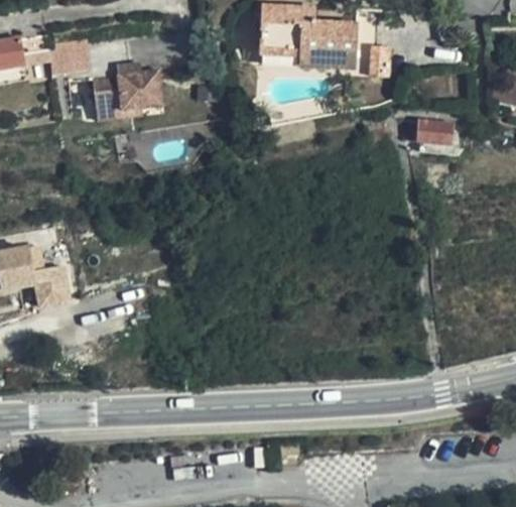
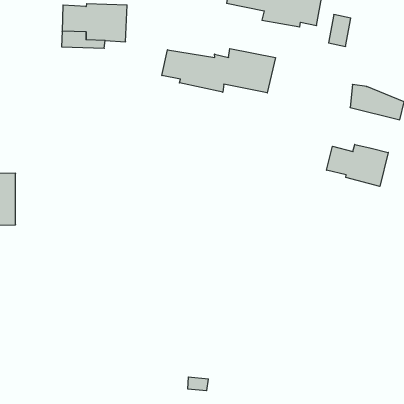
building: none -> [162,49,275,93]
building: none -> [327,144,388,186]

